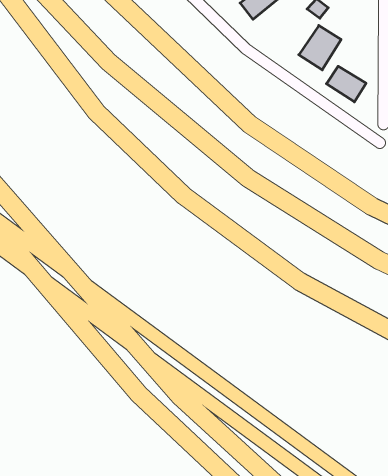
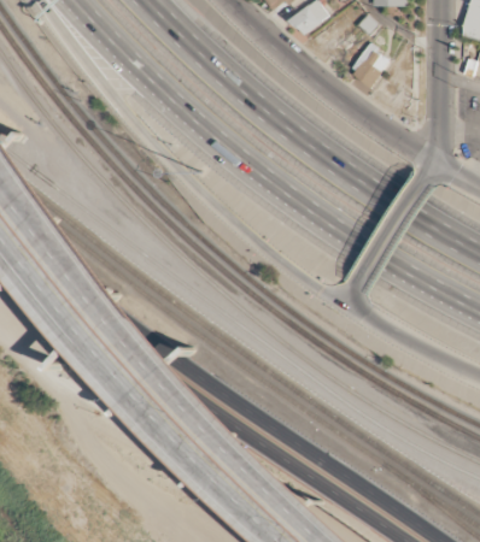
building: [326,66,366,102] -> none

